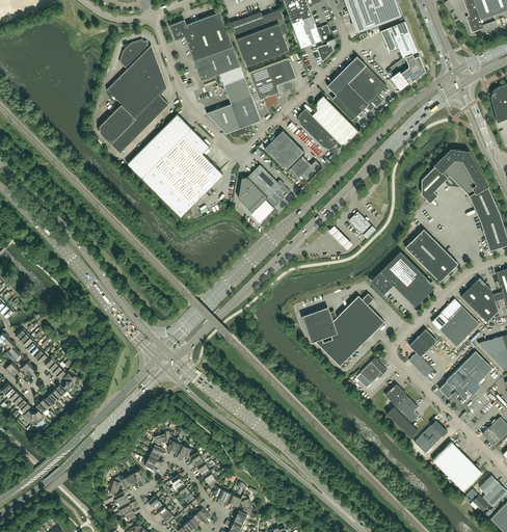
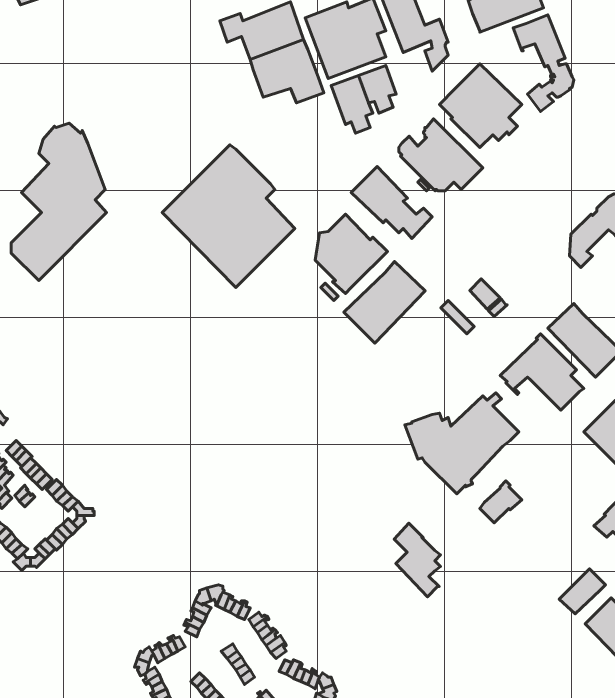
building: [100,41,168,154] -> [11,123,107,280]
building: [207,78,261,137] -> none
building: none -> [344,262,425,343]
building: [408,329,436,377] -> none
building: [385,384,419,437] -> [394,523,441,597]

